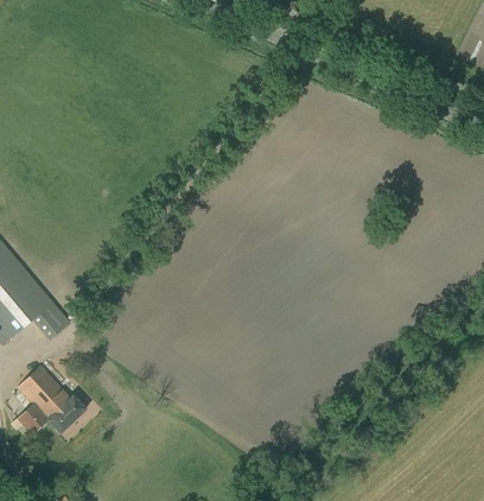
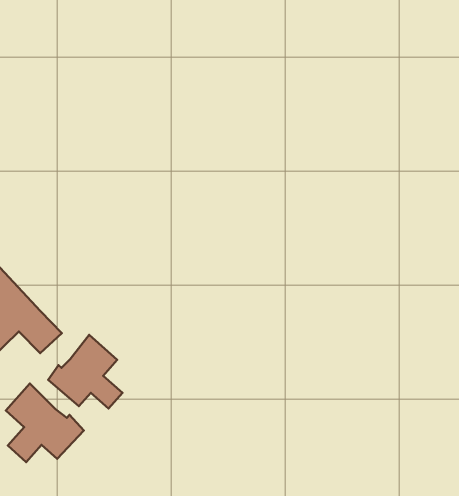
building: none -> [48,335,122,408]

